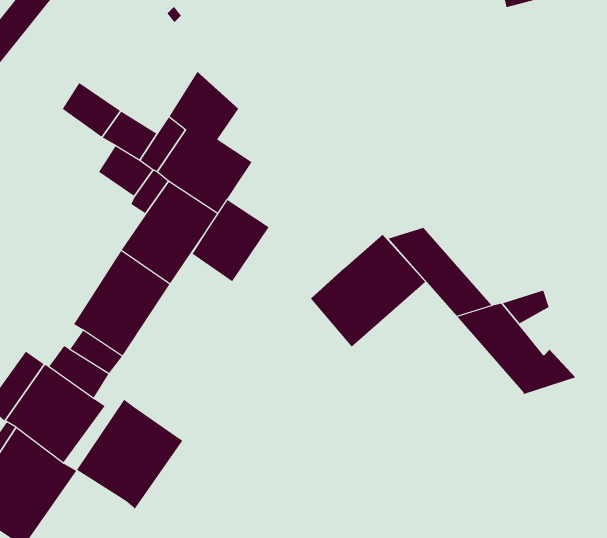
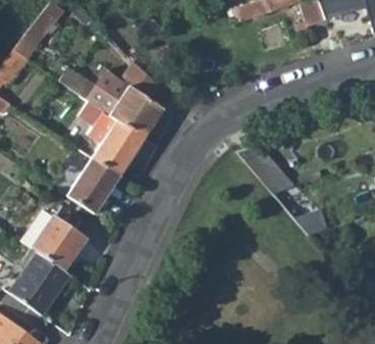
building: [192,199,270,282] -> none
building: [310,234,426,347] -> none
building: [76,399,183,510] -> none

